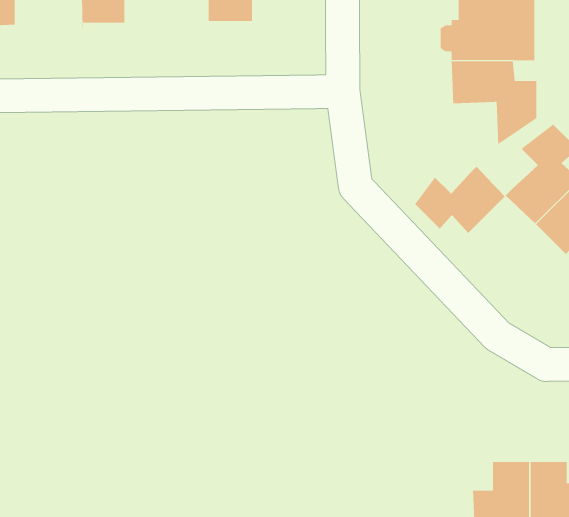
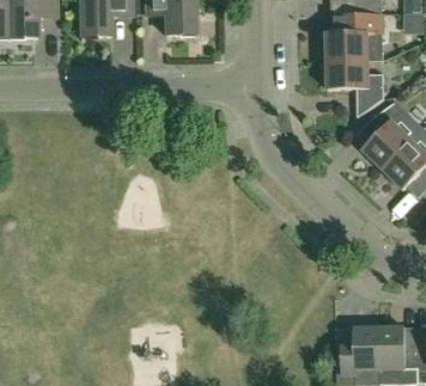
building: [415,166,505,234] -> none

